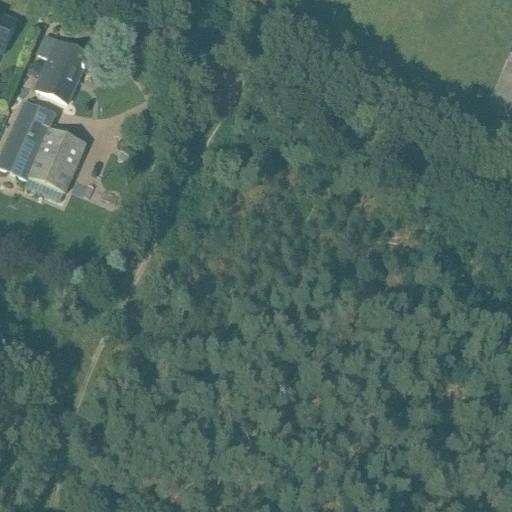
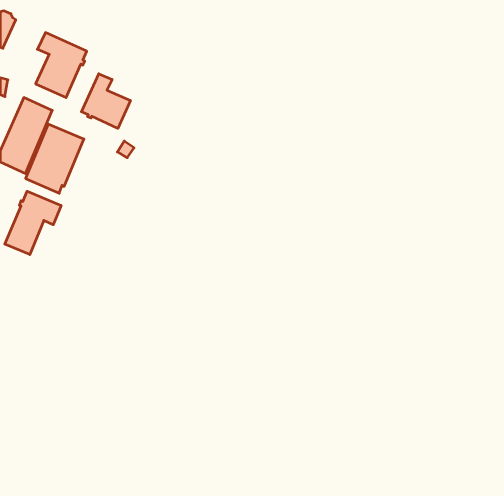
building: none -> [81,74,130,128]
building: none -> [5,191,61,255]

